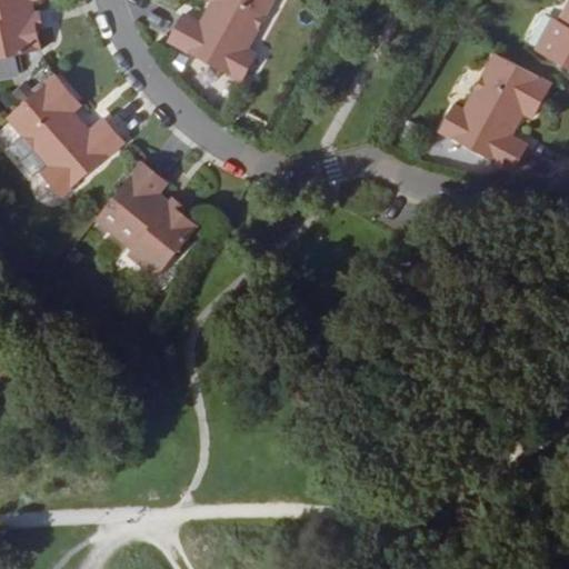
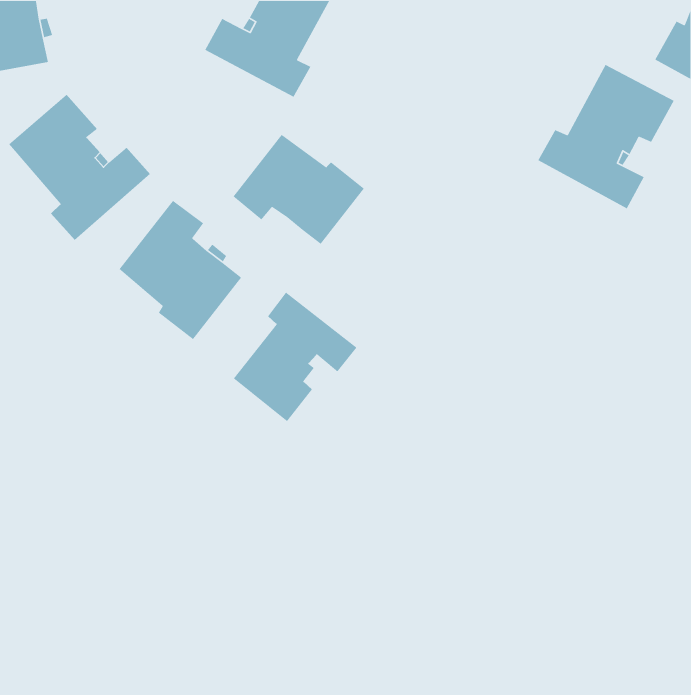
building: none -> [232,134,365,245]
building: none -> [233,291,357,422]

